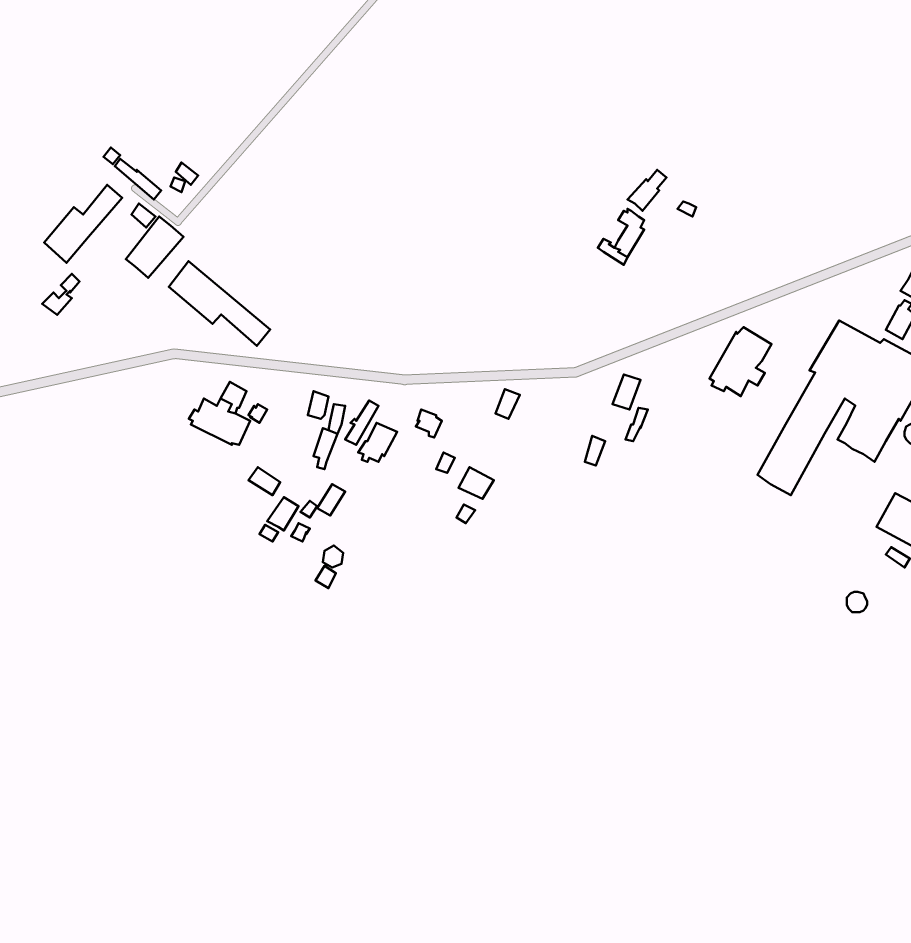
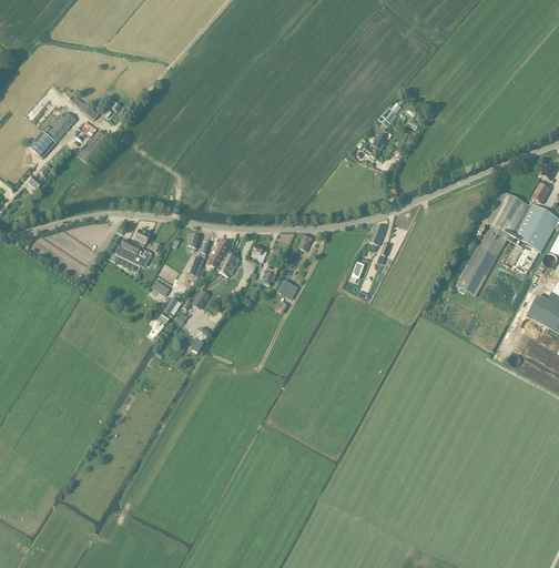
building: [169,261,270,346] -> none
building: [710,327,772,396] -> none

